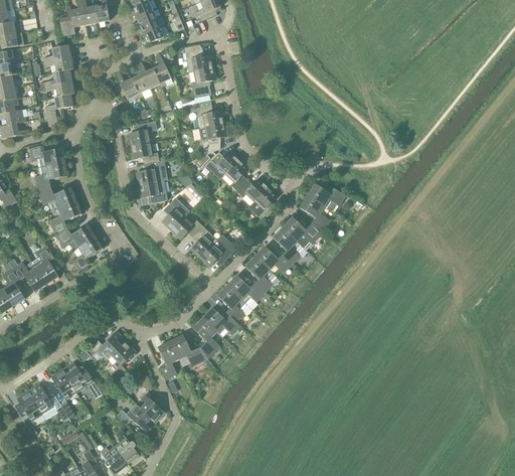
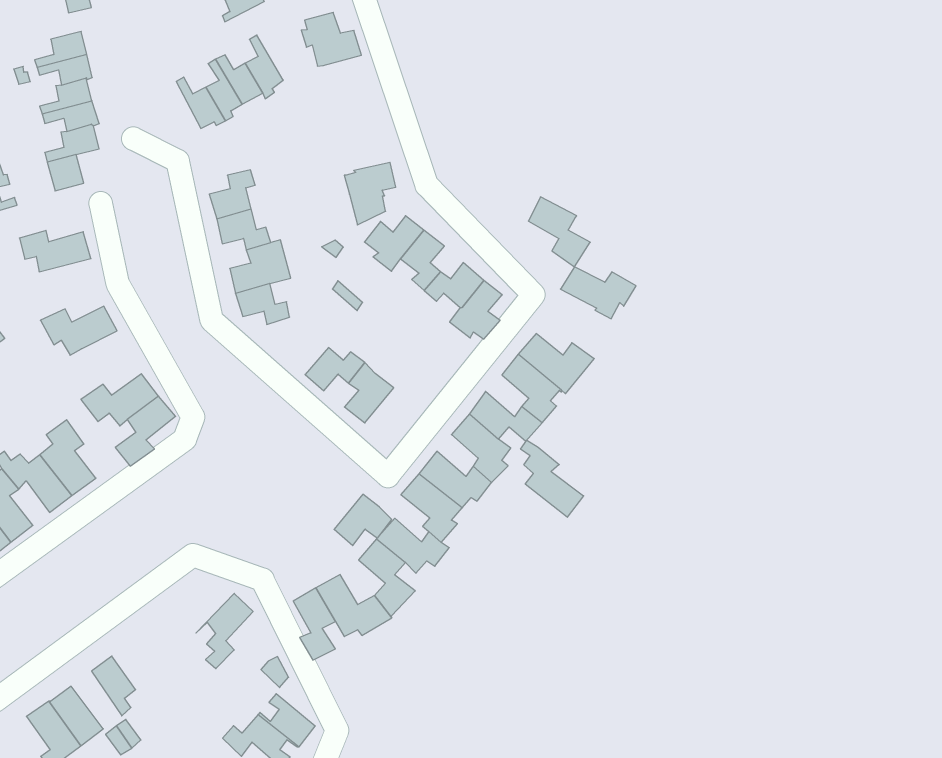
building: [190,66,213,98] -> none
building: [194,100,222,128] -> none
building: [33,162,66,192] -> none
building: [299,194,330,231] -> [528,197,590,267]
building: [162,198,187,229] -> none
building: [48,200,80,234] -> none
building: [200,240,230,266] -> [334,494,392,546]
building: none -> [521,440,584,517]
building: [88,330,127,359] -> none
building: [61,360,97,392] -> none

